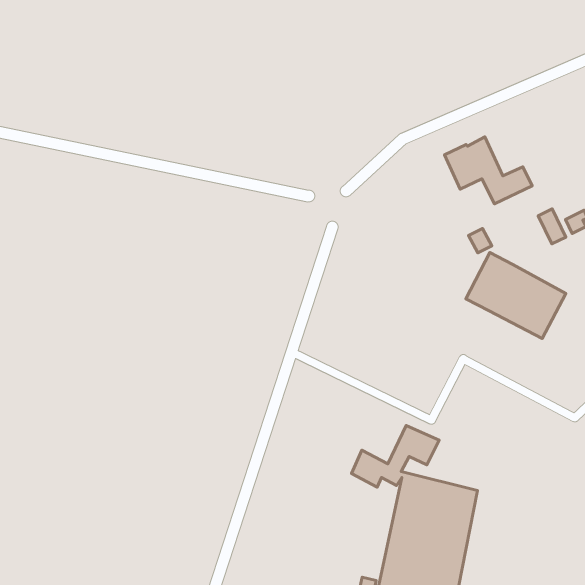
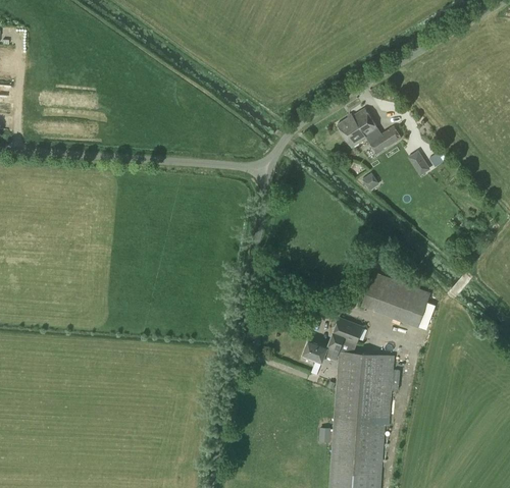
building: [466,252,566,338] -> [361,272,430,327]

